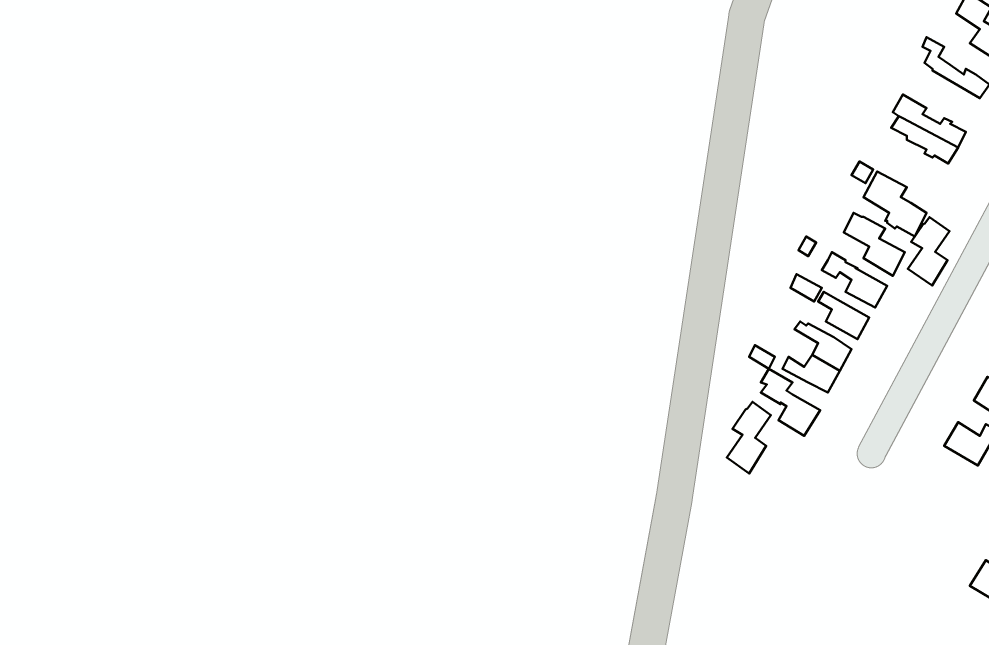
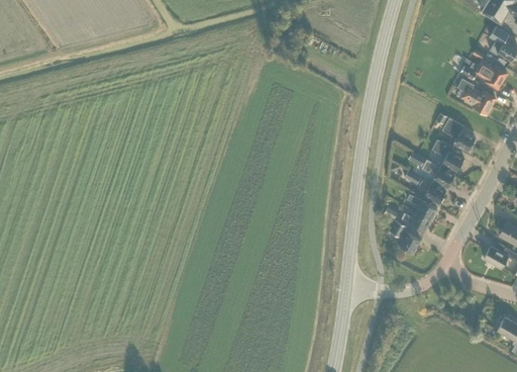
building: none -> [460,61,502,87]
building: [908,217,949,286] -> none
building: [727,402,771,473] -> none

